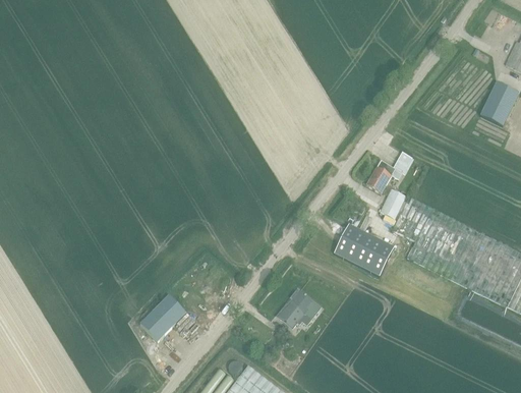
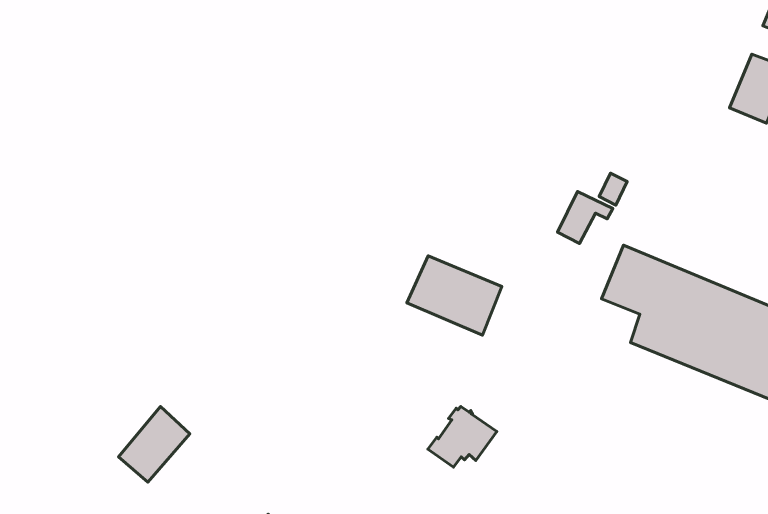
building: [381,189,406,219] -> none
building: [334,225,394,277] -> [407,256,502,335]
building: [140,295,186,342] -> [118,407,190,482]

